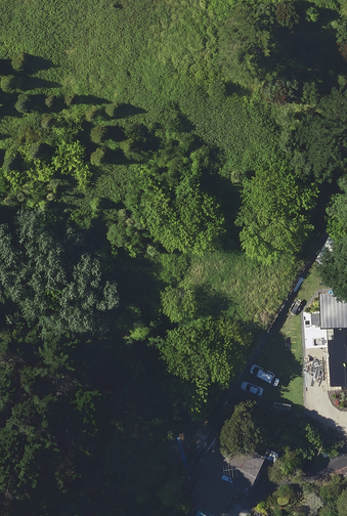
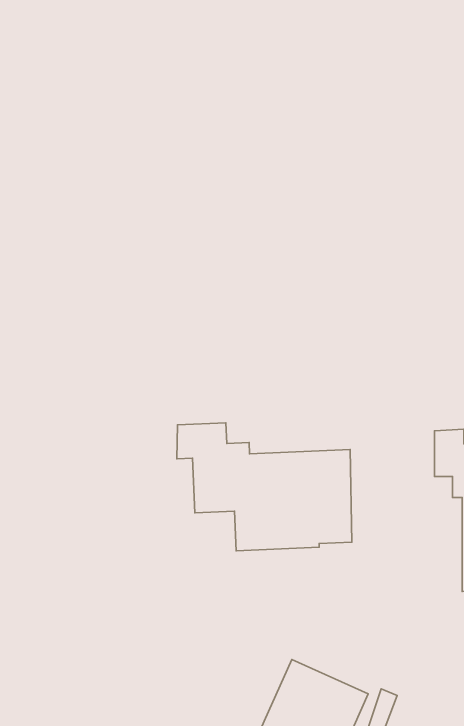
building: none -> [177,423,352,551]

